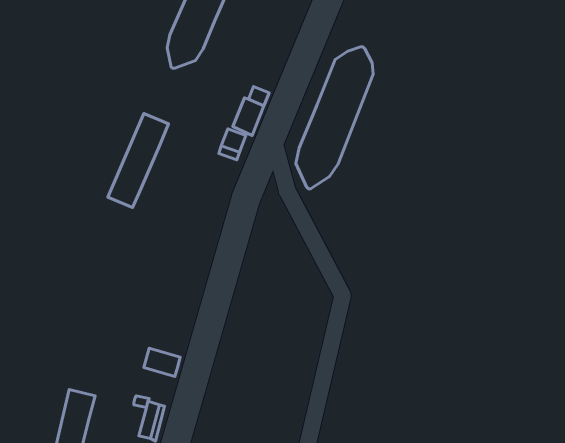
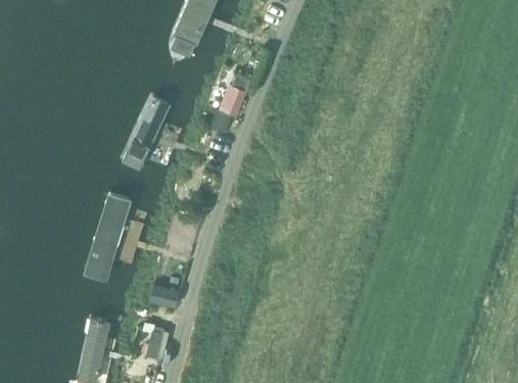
building: [296,47,373,189] -> none
building: none -> [83,190,132,279]

